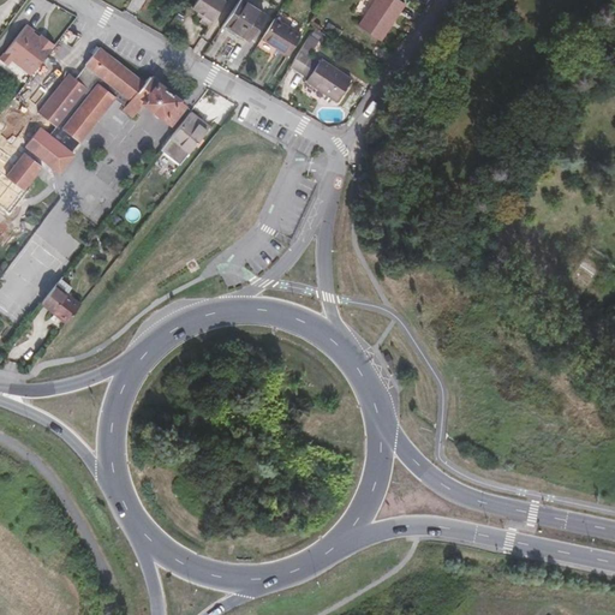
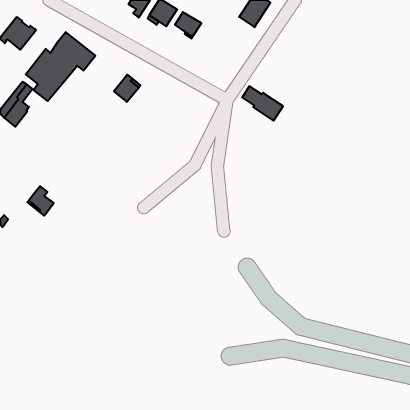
building: [289,49,351,101] -> [242,86,283,121]
building: [123,77,185,124] -> none
building: [34,133,74,173] -> none

